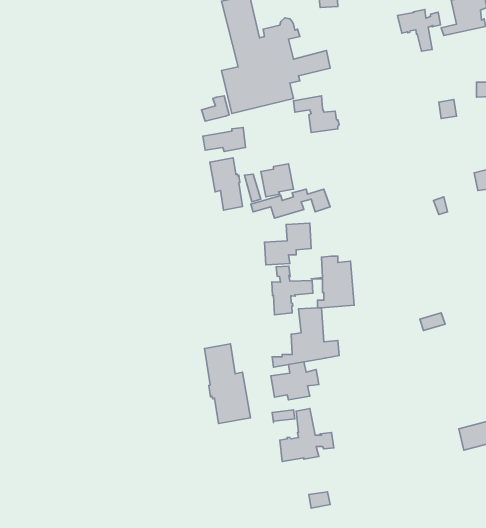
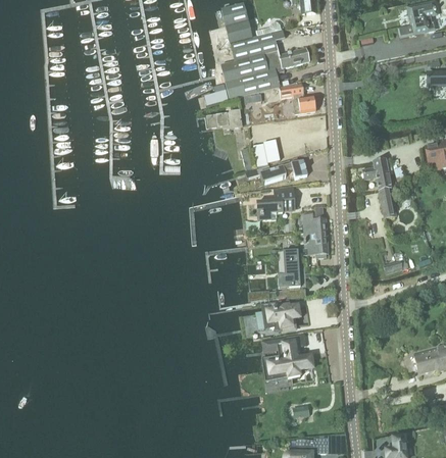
building: [398,9,441,51] -> none
building: [210,158,242,210] -> none
building: none -> [363,158,396,217]
building: [272,266,313,315] -> none
building: [204,344,251,424] -> none

